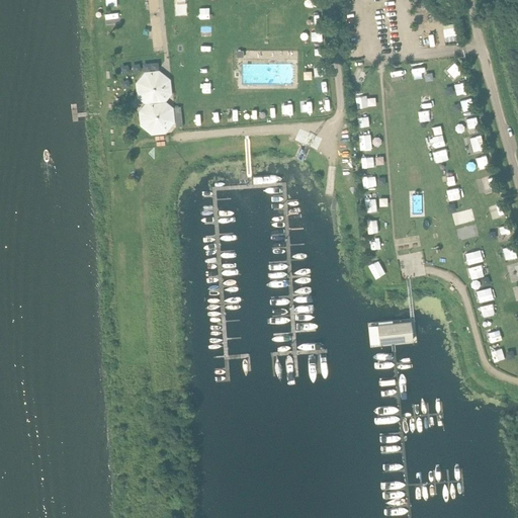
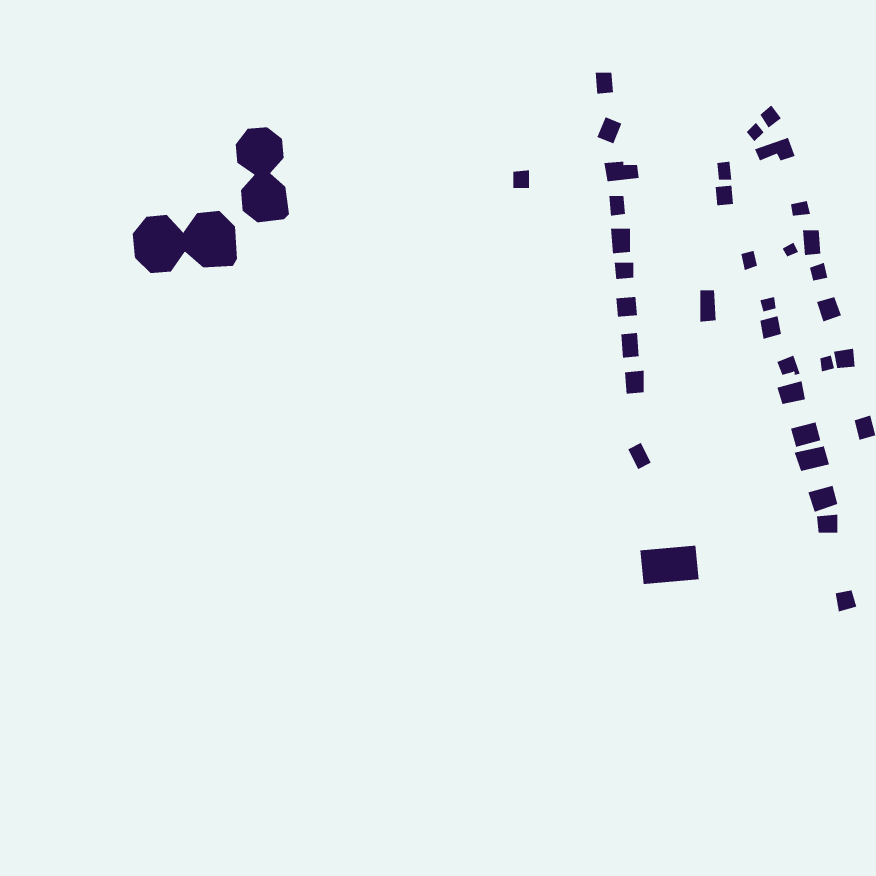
building: none -> [132,210,238,274]

